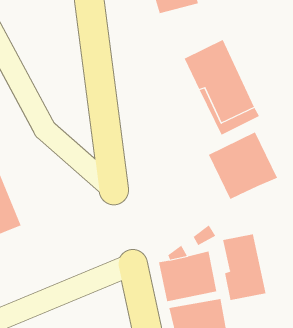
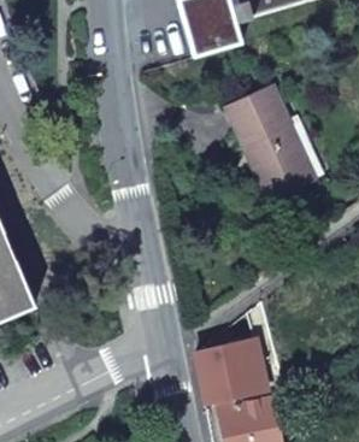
building: [208,132,278,200] -> none
building: [223,234,266,301] -> none

